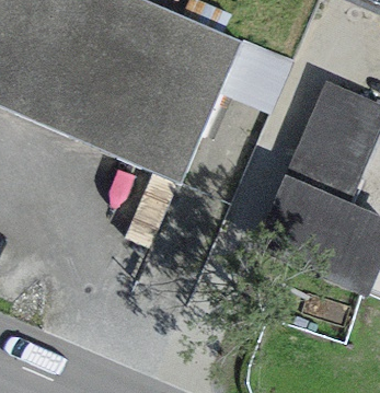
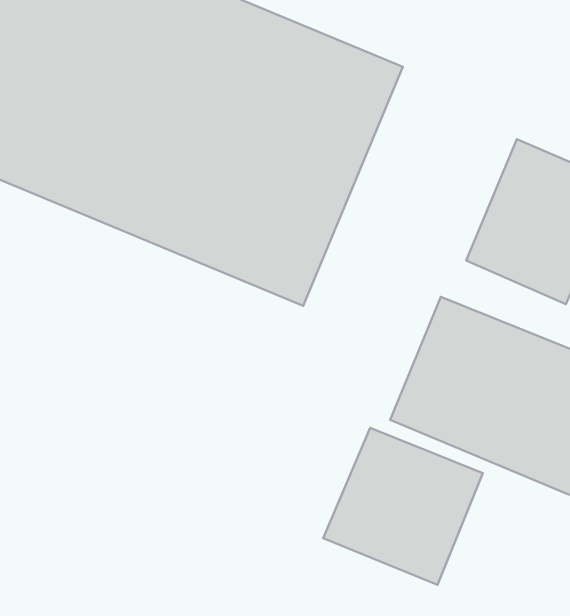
building: none -> [323,428,483,585]

